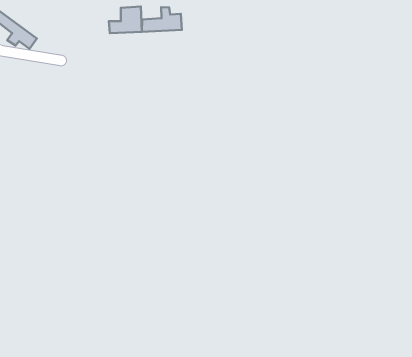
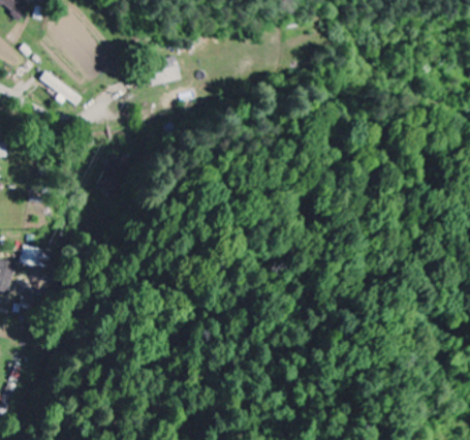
building: [142,7,182,32] -> none

